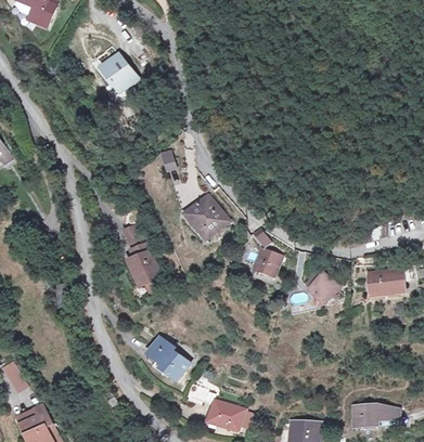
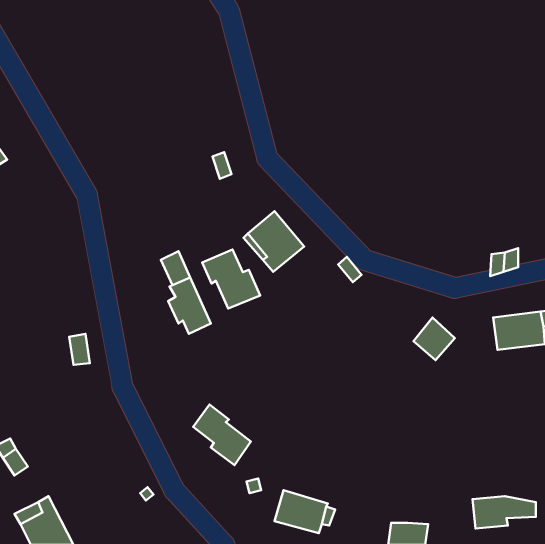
building: [101,56,136,92] -> none
building: none -> [202,250,260,308]
building: [254,249,280,280] -> none

